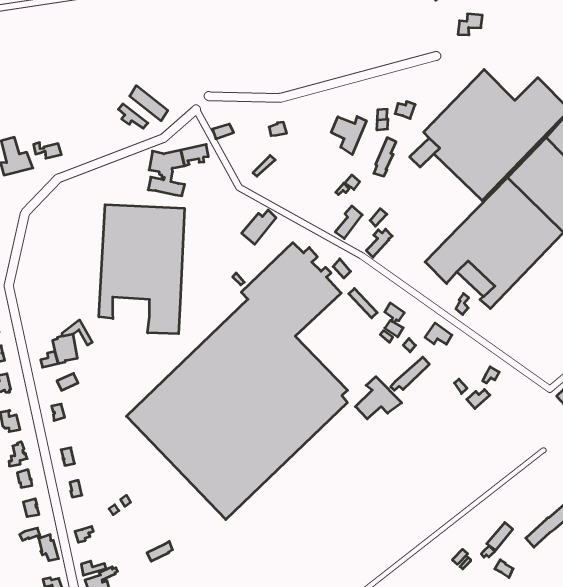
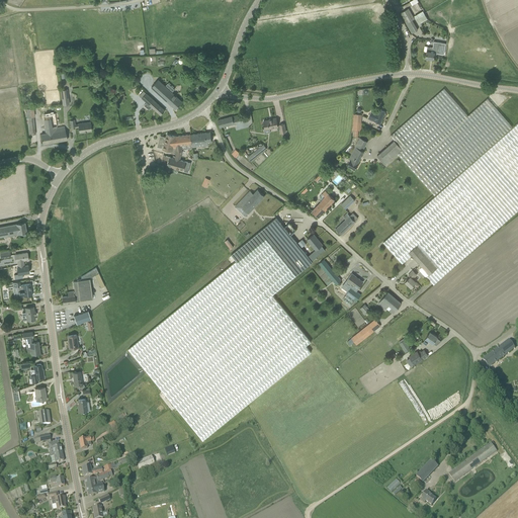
building: [331,116,366,155] -> none
building: [99,205,184,334] -> none
building: [355,377,402,419] -> none

